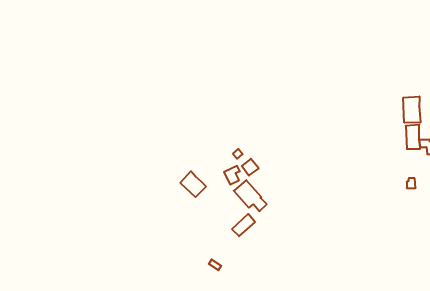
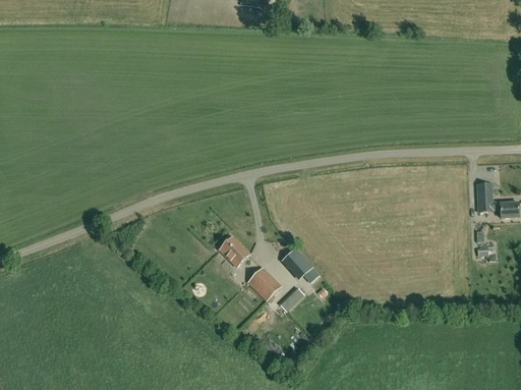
building: [403,96,420,123] -> none
building: none -> [247,266,283,301]

